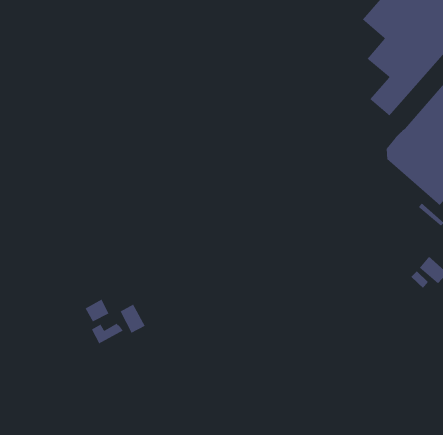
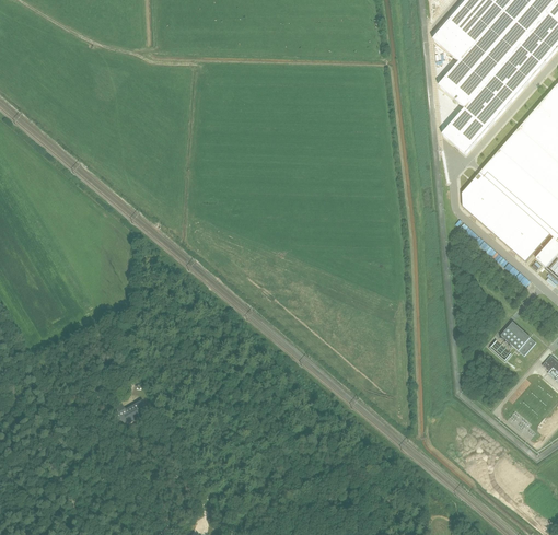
building: [84,299,110,322] -> none
building: [120,303,146,334] -> none

